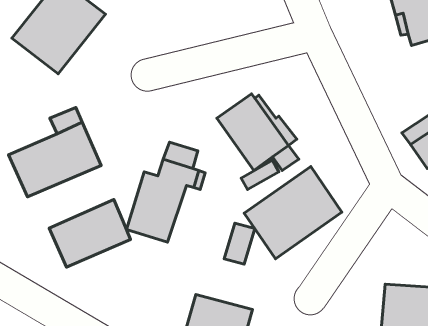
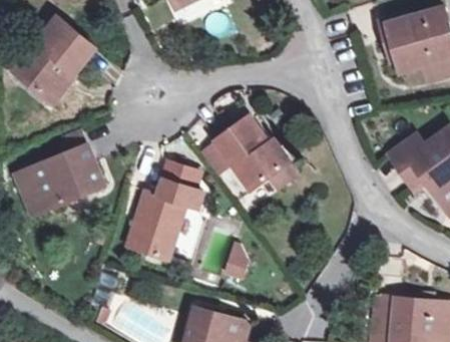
building: [244,167,342,259] -> none
building: [49,200,131,267] -> none

